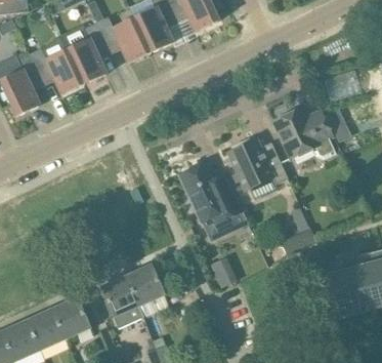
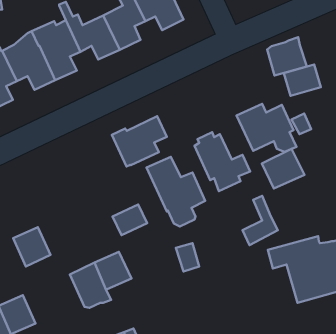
building: none -> [267,37,307,75]
building: none -> [112,116,167,166]
building: none -> [262,149,304,188]
building: none -> [113,204,147,235]
building: [50,298,89,339] -> [13,227,50,267]

